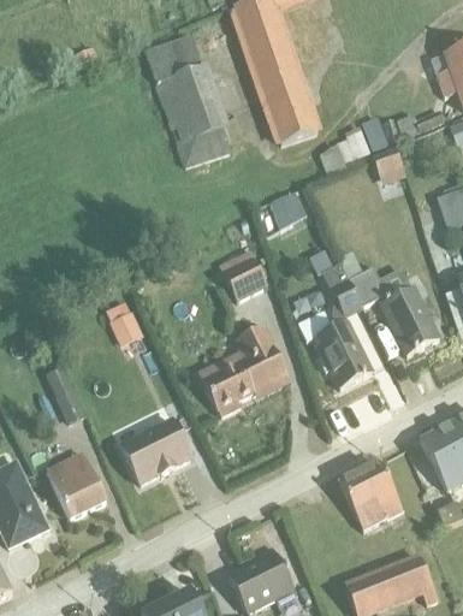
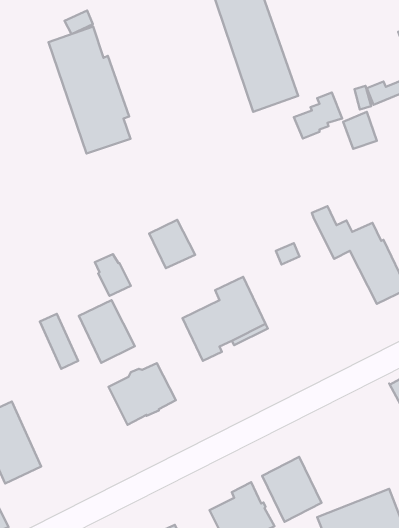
building: [143,32,231,168] -> [48,27,130,153]
building: [269,194,305,229] -> none
building: [218,247,267,298] -> [149,220,195,268]
building: [296,261,372,386] -> none
building: [46,449,106,516] -> [79,300,135,363]
building: [339,460,403,529] -> [262,457,322,522]

